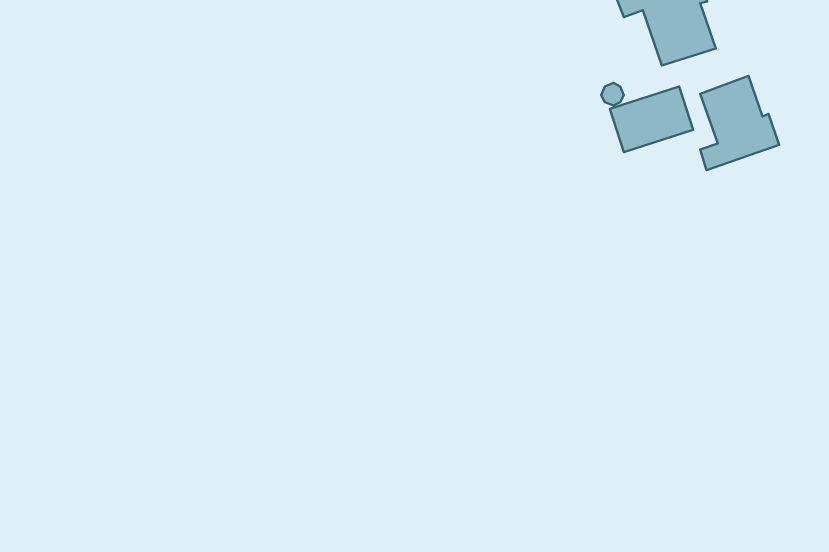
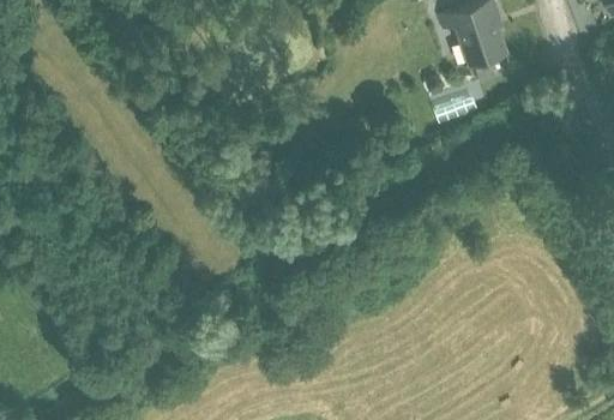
building: [700,76,779,170] -> none

